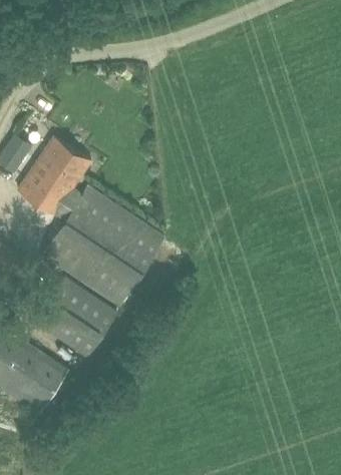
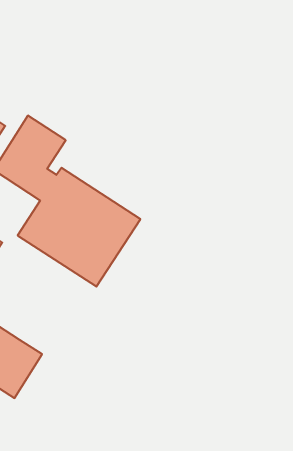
building: [35,277,116,355] -> none

